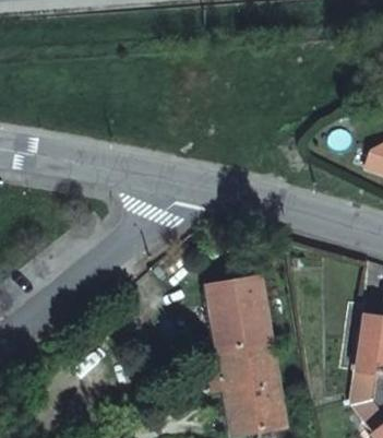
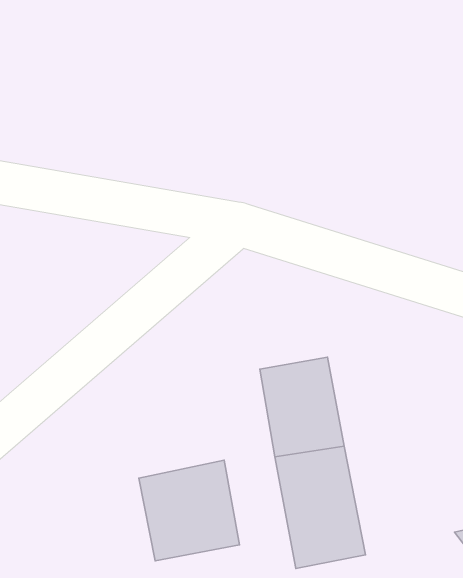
building: none -> [139,460,239,561]

